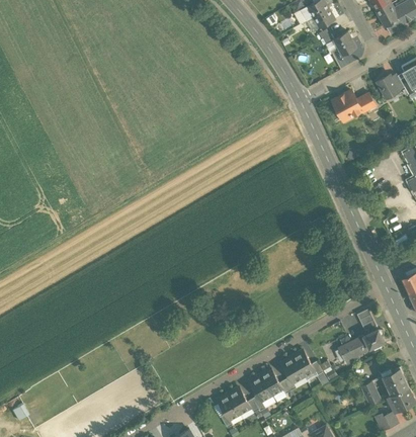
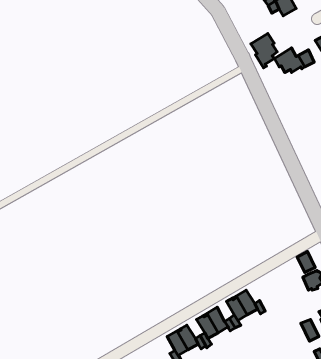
building: none -> [251,33,277,68]
building: [338,336,368,361] -> none

